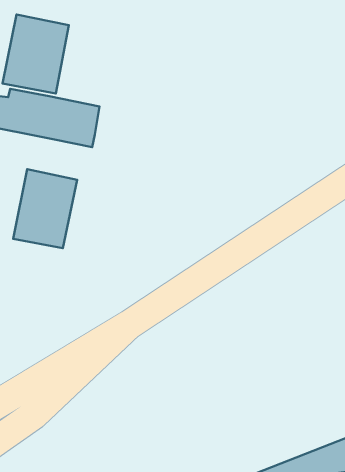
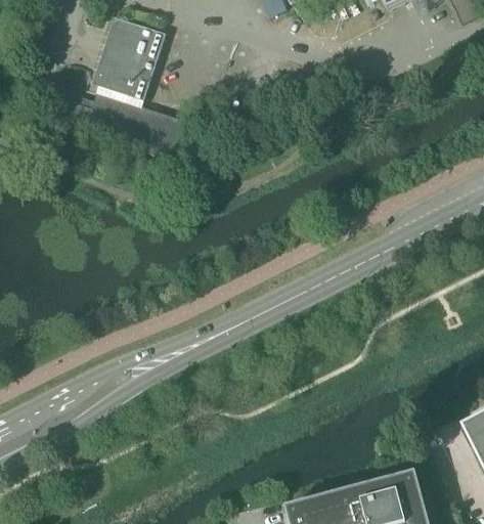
building: [13,169,77,248] -> none

